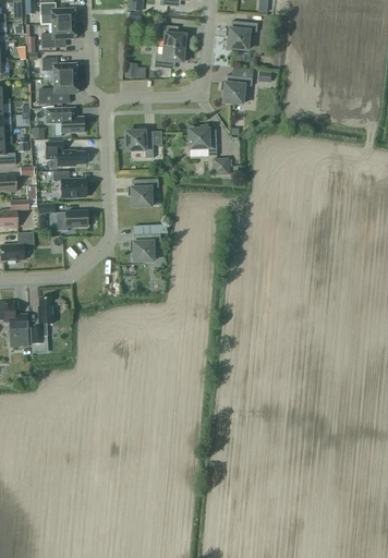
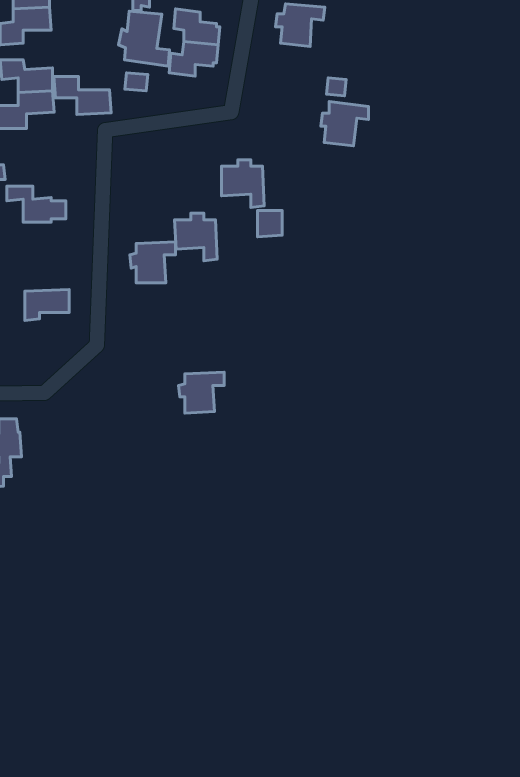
building: none -> [119,11,170,66]
building: [220,74,252,104] -> [321,102,368,146]
building: [46,108,84,133] -> [54,77,111,114]
building: [125,126,154,158] -> [174,213,217,261]
building: [54,171,86,197] -> none
building: [130,233,160,260] -> [178,372,224,413]

